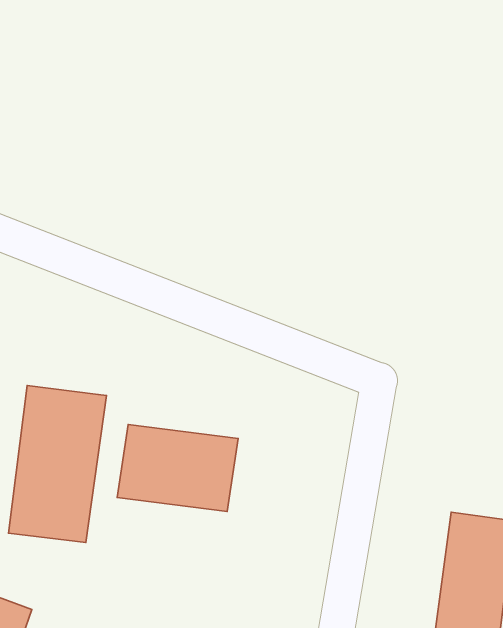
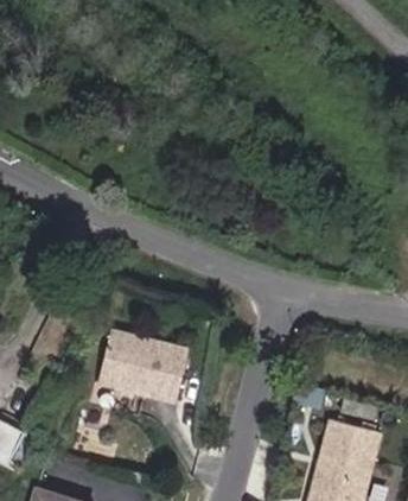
building: [9,385,106,543] -> none

